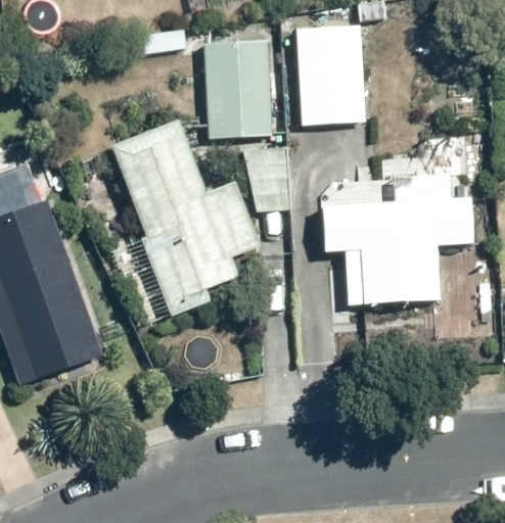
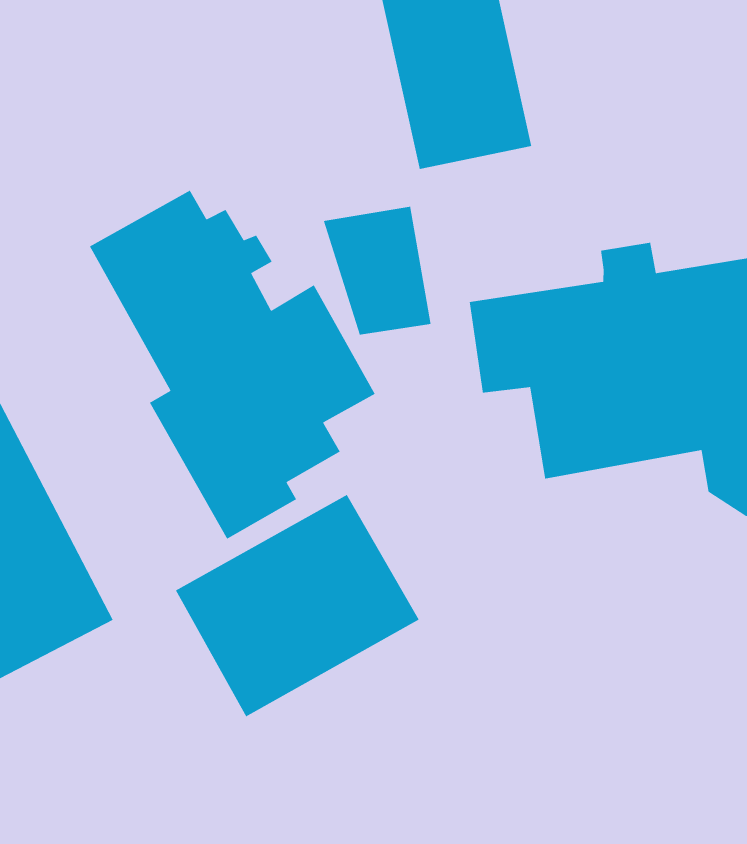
building: [143,27,282,137] -> none
building: none -> [175,494,420,718]

